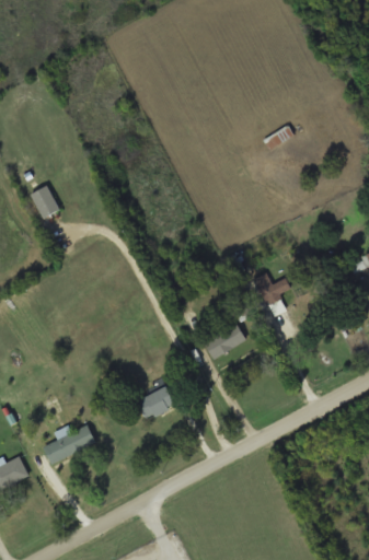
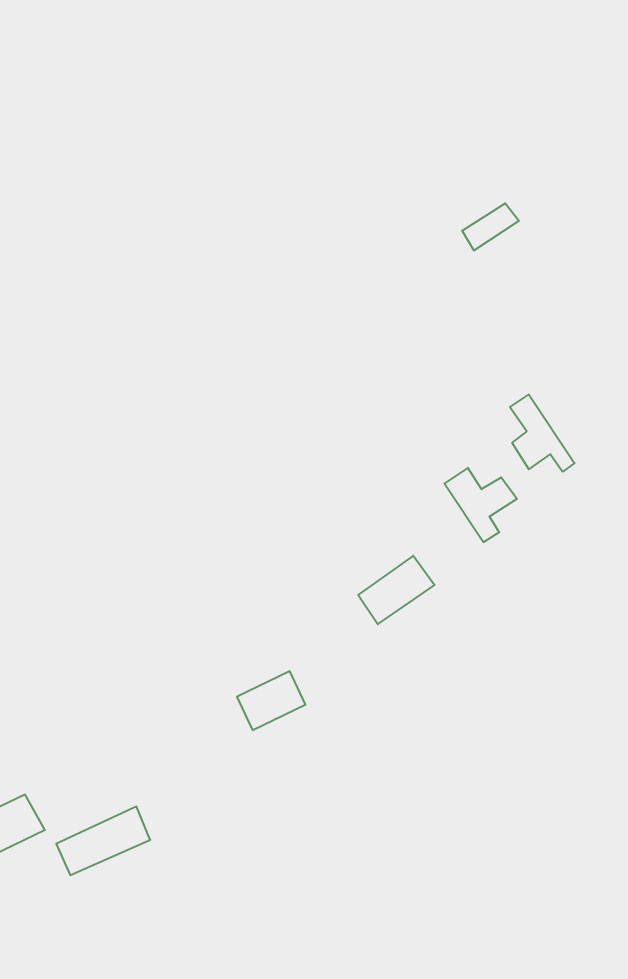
building: [31,186,58,218] -> none
building: none -> [510,394,575,472]
building: [43,424,95,463] -> [56,807,150,875]

